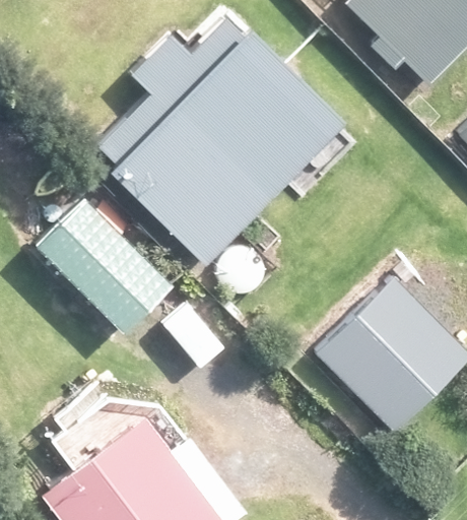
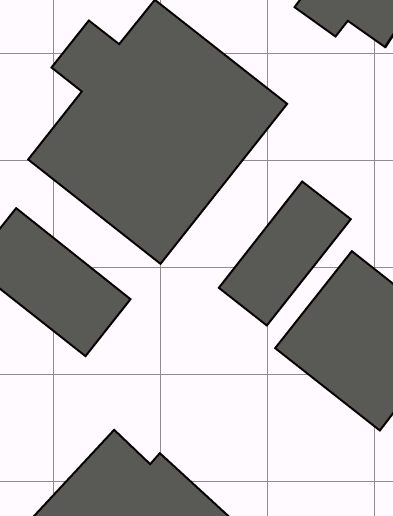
building: none -> [219,182,351,326]

